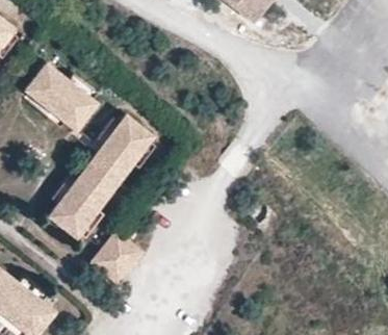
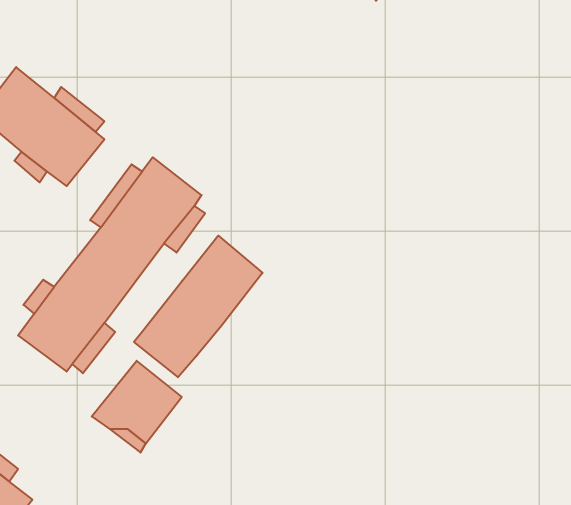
building: none -> [134,236,263,377]

